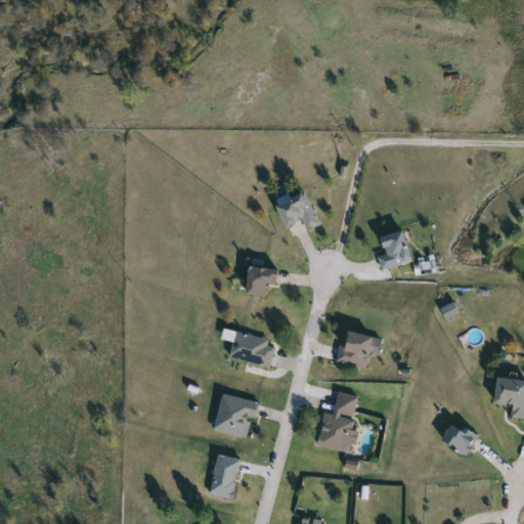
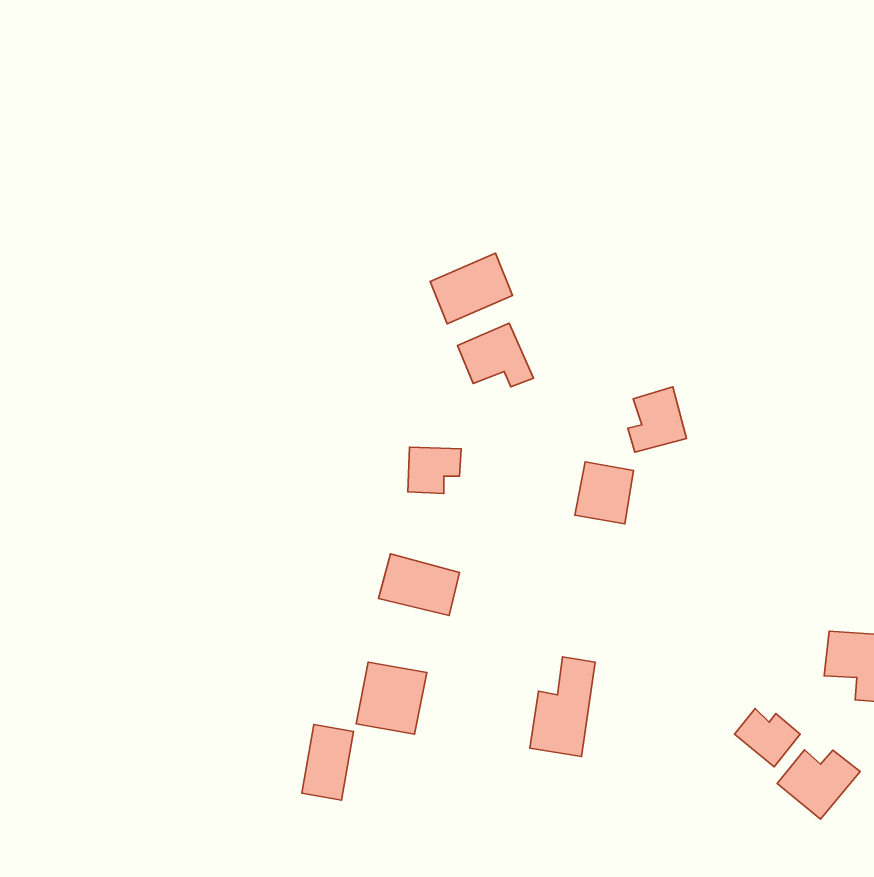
building: none -> [430,253,512,324]
building: [338,330,373,366] -> [575,462,633,524]
building: none -> [777,750,860,819]
building: [210,453,241,498] -> [302,724,353,800]

